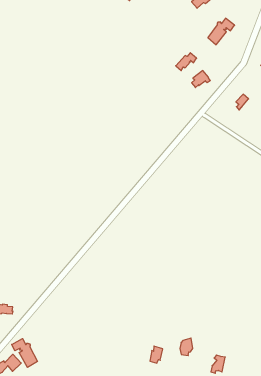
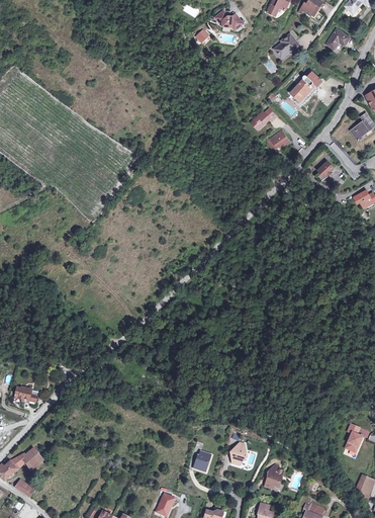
building: [12,339,37,367] -> none

